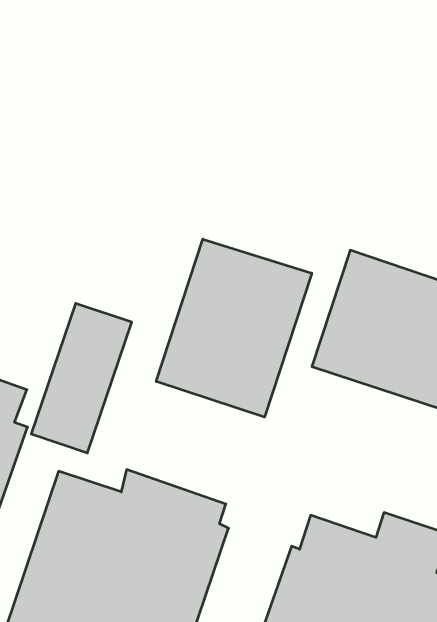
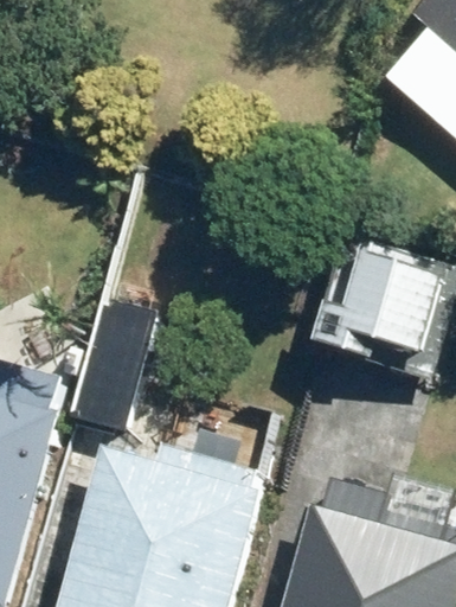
building: [156,239,312,417] -> none

